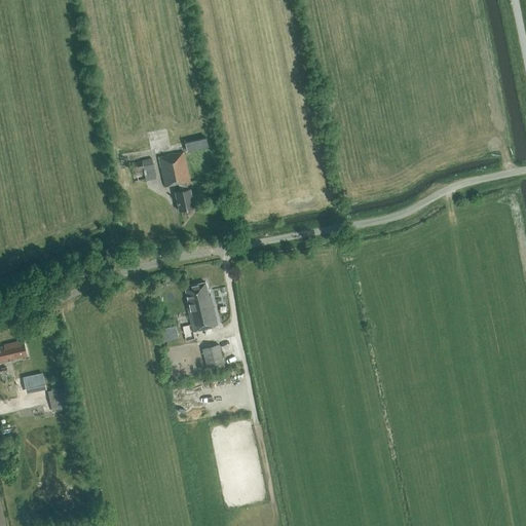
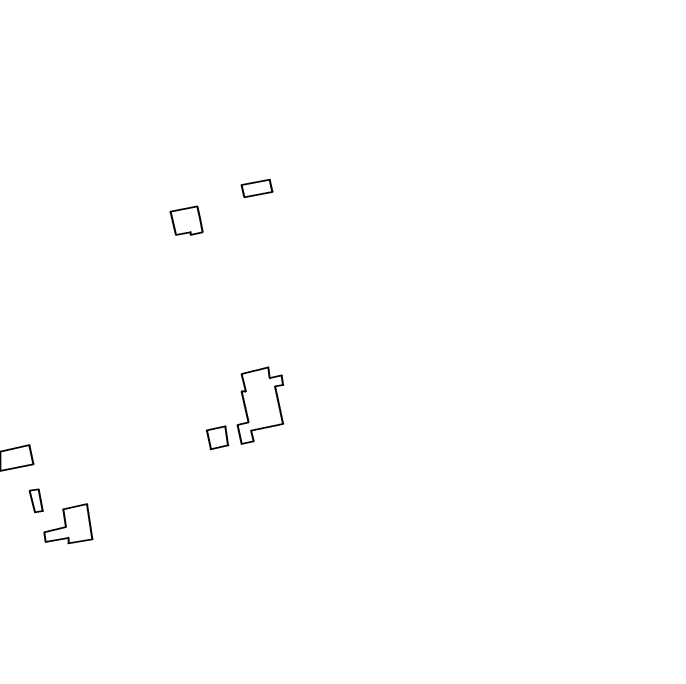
building: [158,152,194,210] -> none
building: [201,343,226,372] -> none

